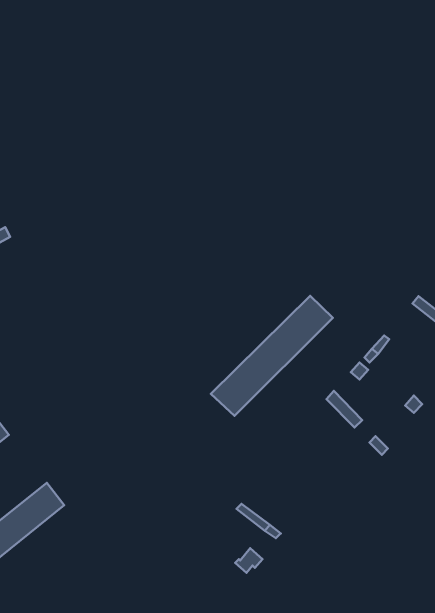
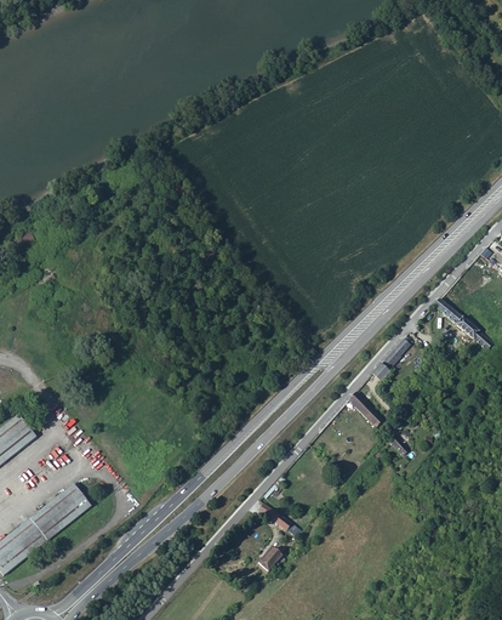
building: [211,296,333,416] -> none

